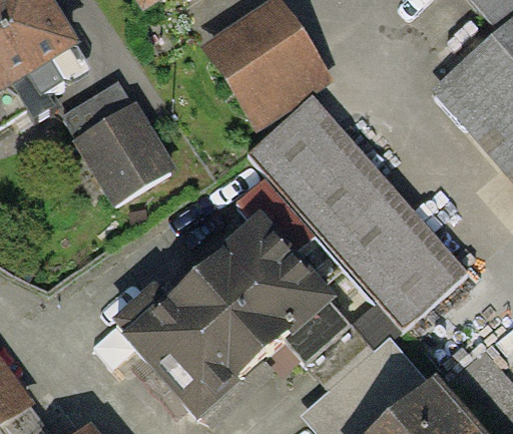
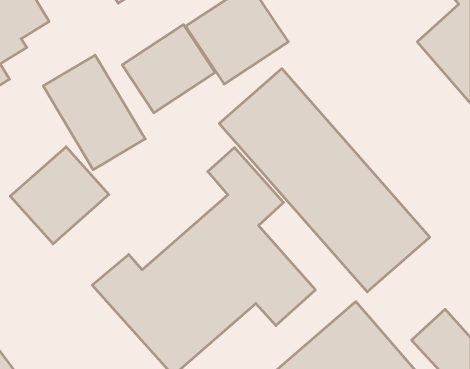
building: none -> [122,25,215,113]
building: none -> [10,147,109,244]

